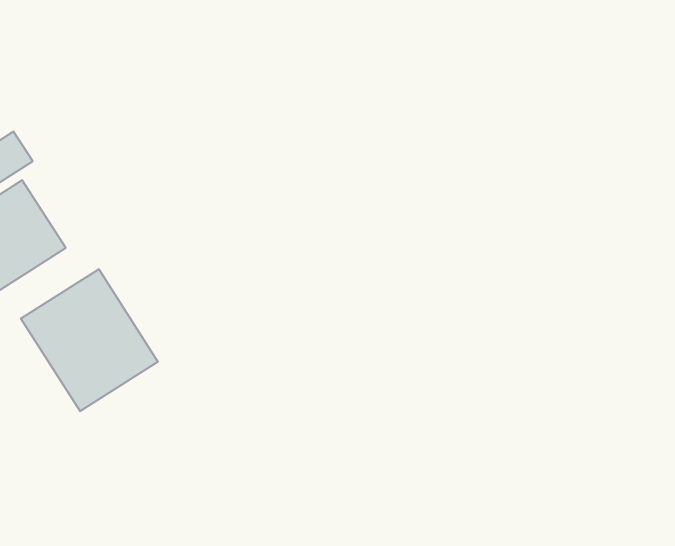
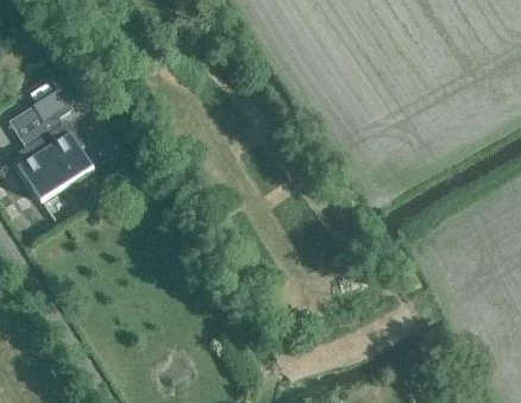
building: [21,269,158,411] -> none

